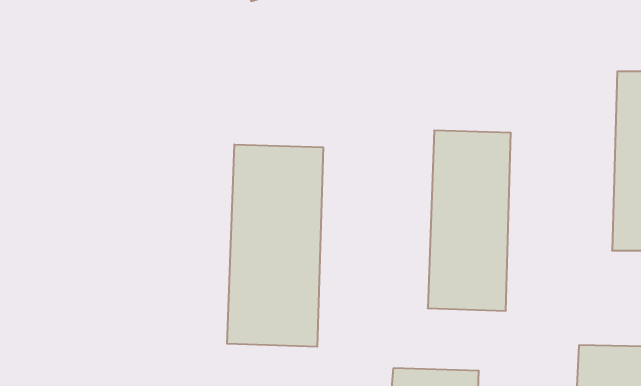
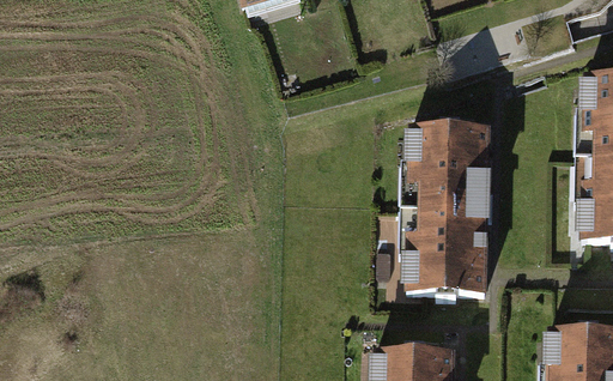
building: [227,144,323,347] -> none

